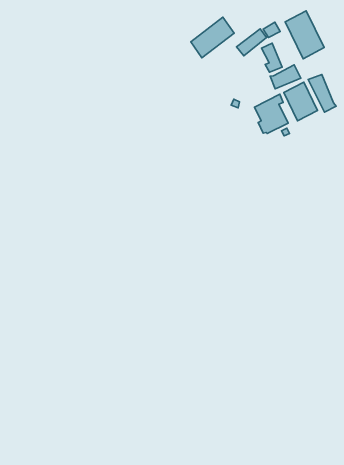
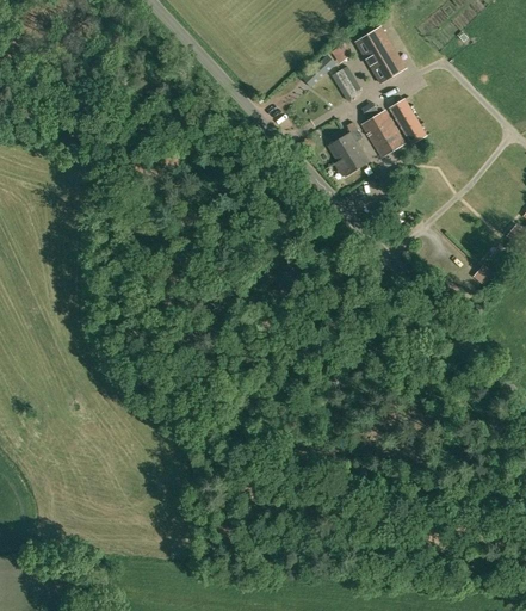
building: [191,17,234,58] -> none
building: [270,65,301,89] -> none

